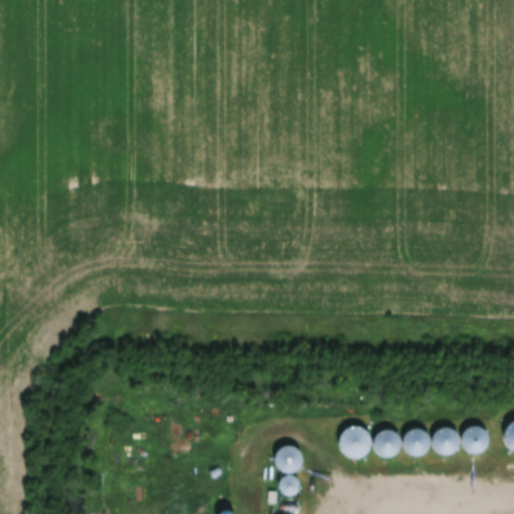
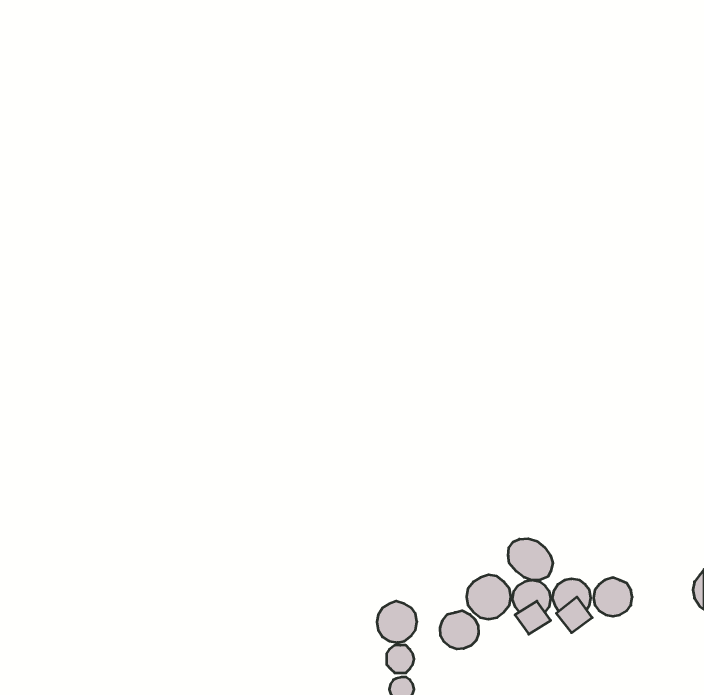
building: none -> [508,539,553,580]
building: [461,428,489,455] -> none
building: none -> [440,611,478,649]

